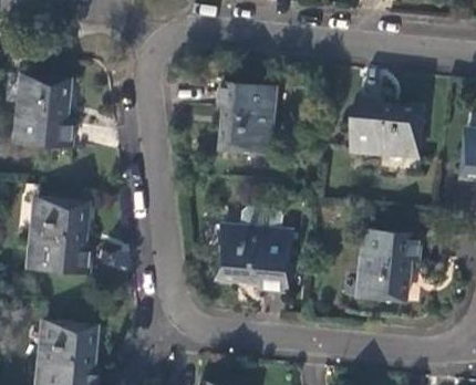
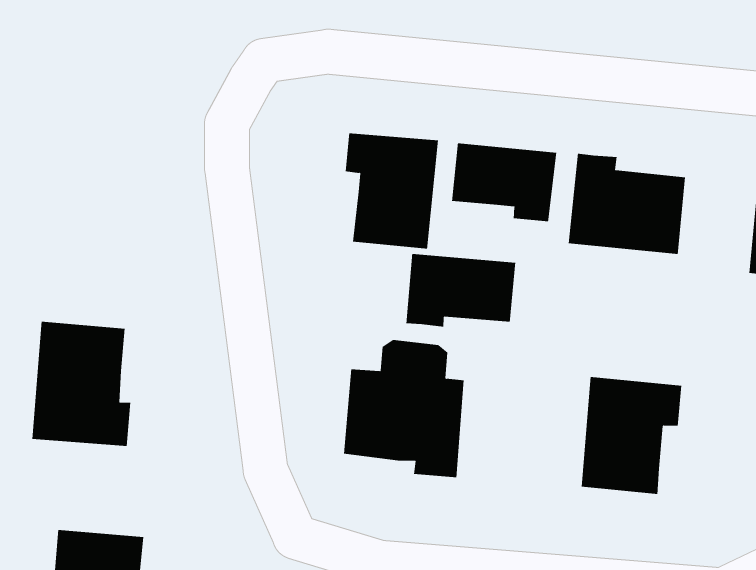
building: [14,75,72,147] -> none
building: none -> [452,142,557,222]
building: none -> [406,253,516,327]

